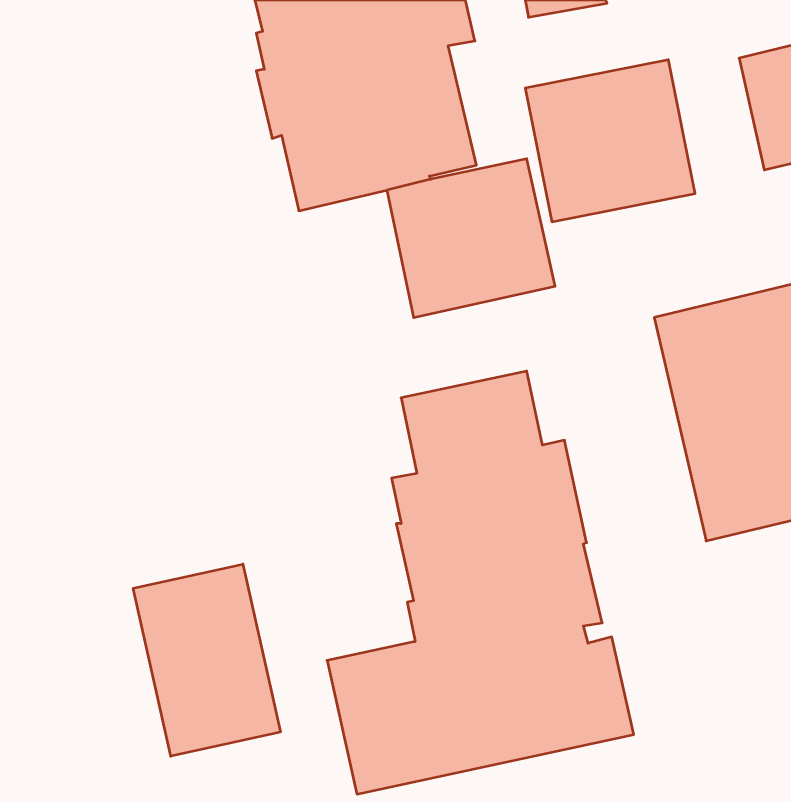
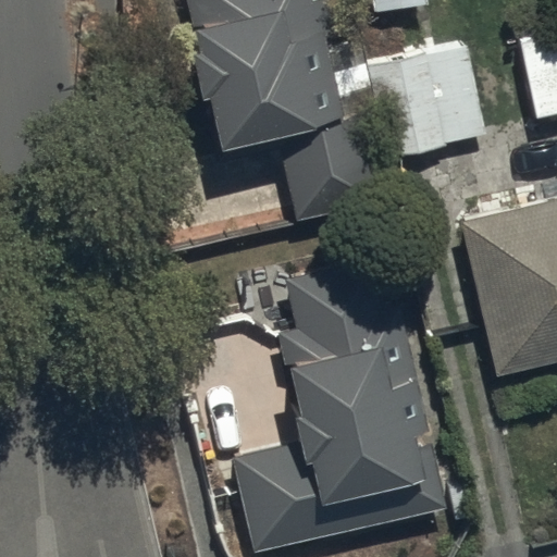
building: [133,564,280,756] -> none

